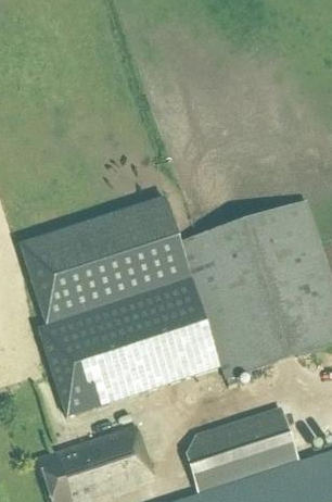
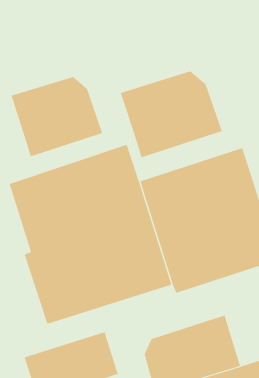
building: none -> [120,71,222,158]
building: none -> [11,76,103,157]

